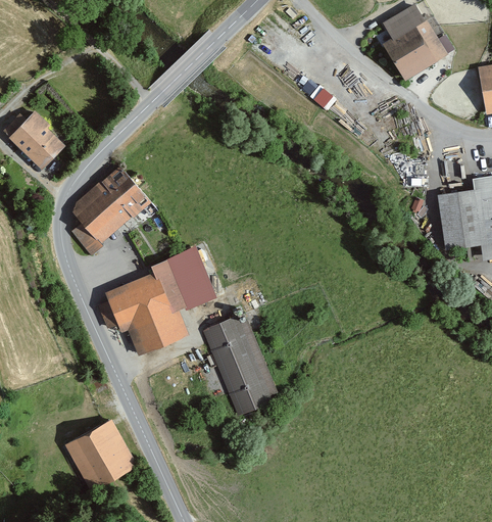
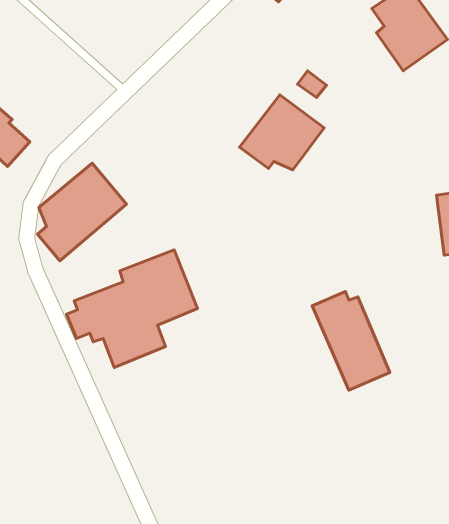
building: none -> [240,95,324,170]
building: [207,319,279,410] -> [312,291,390,390]
building: [66,417,138,489] -> none

